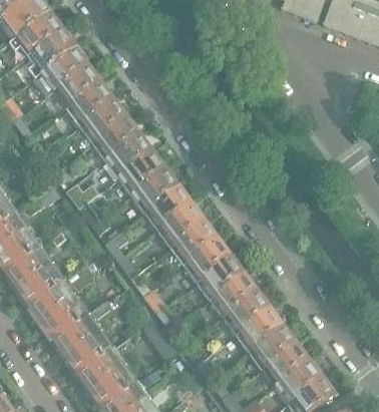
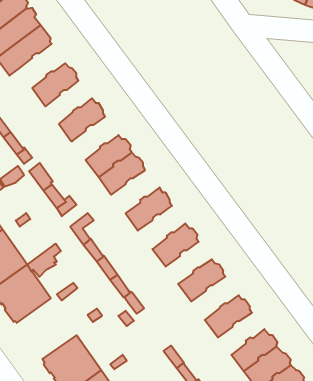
building: [54,65,100,108] -> none
building: [81,101,126,143] -> none
building: [107,136,152,178] -> none
building: [145,188,193,231] -> none
building: [171,224,218,266] -> none
building: [199,259,244,300] -> none
building: [224,293,270,335] -> none
building: [53,314,111,373] -> none
building: [250,328,295,369] -> none

